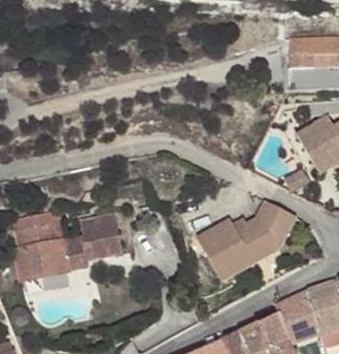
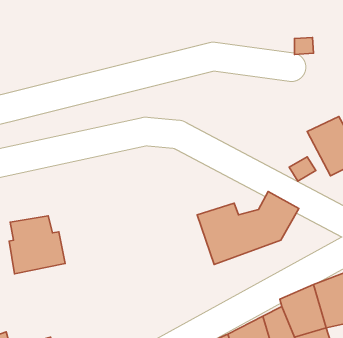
building: [62,213,121,269] -> none

